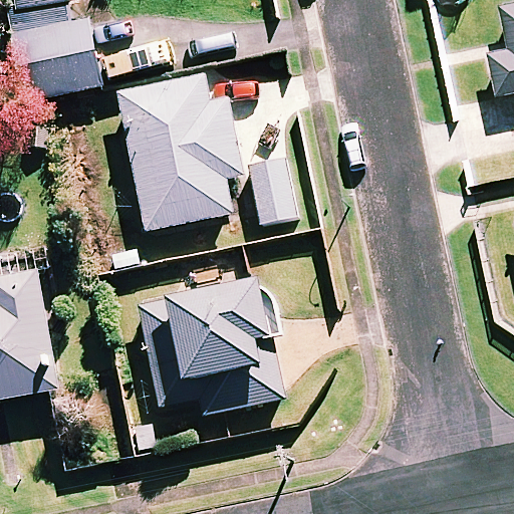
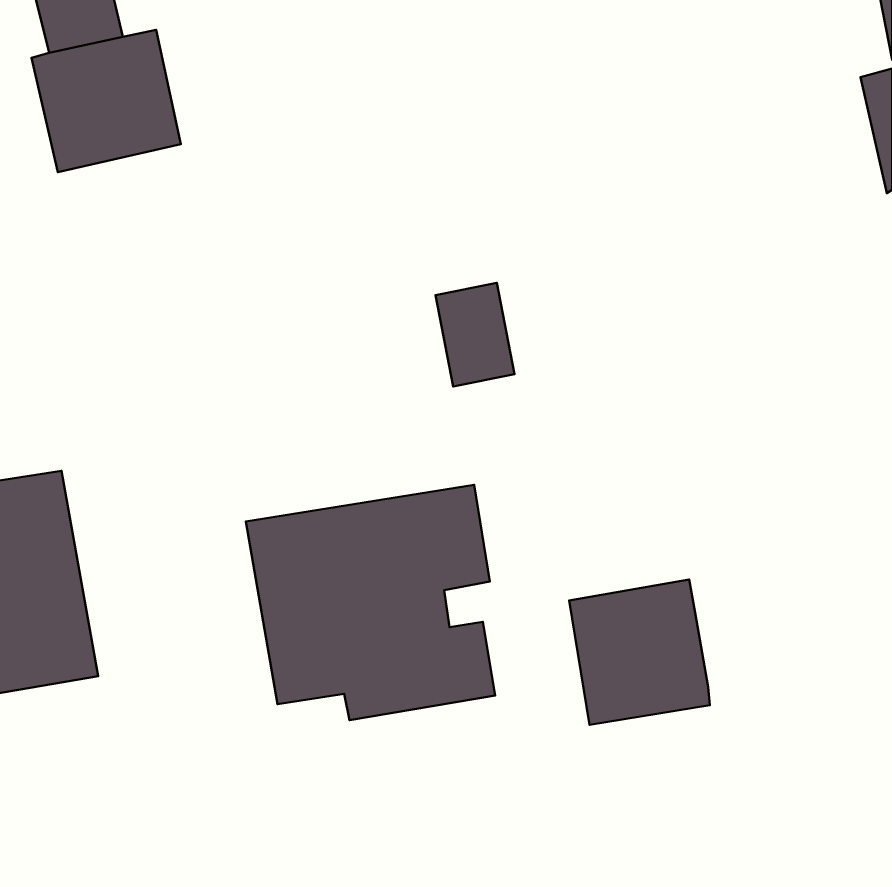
building: [119,75,241,227] -> none
building: none -> [569,579,710,725]

